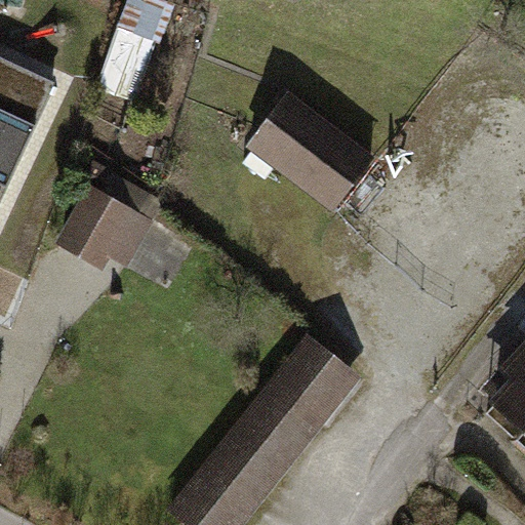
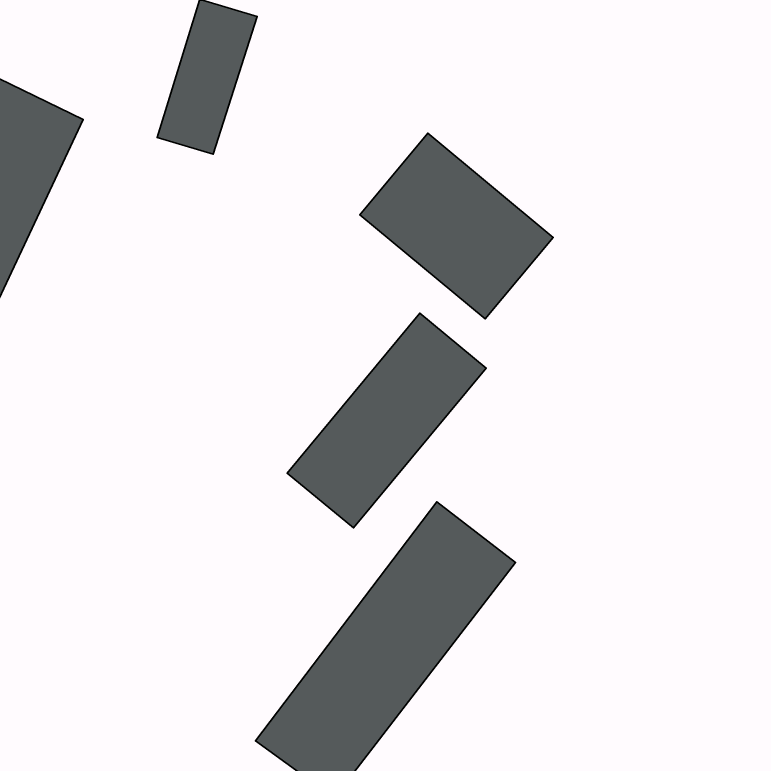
building: [53,166,160,271] -> none
building: none -> [287,313,486,528]

